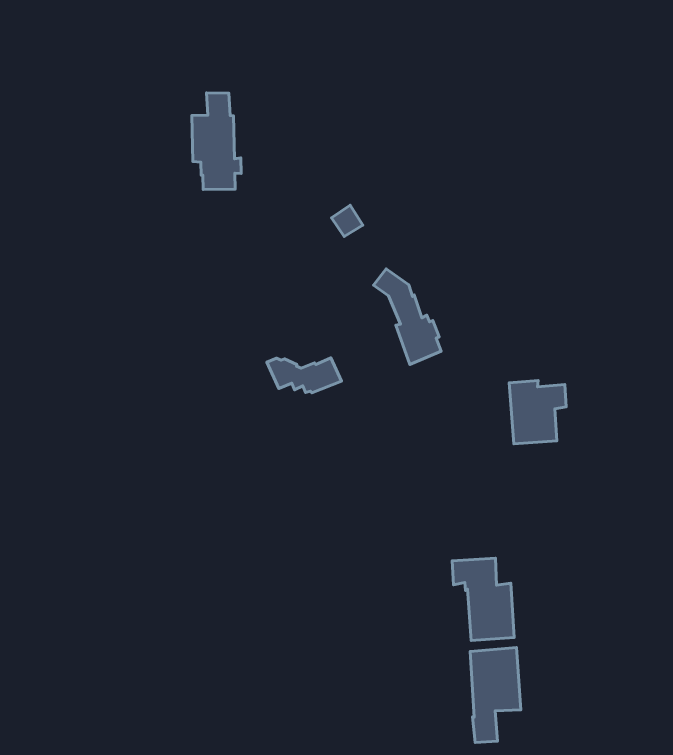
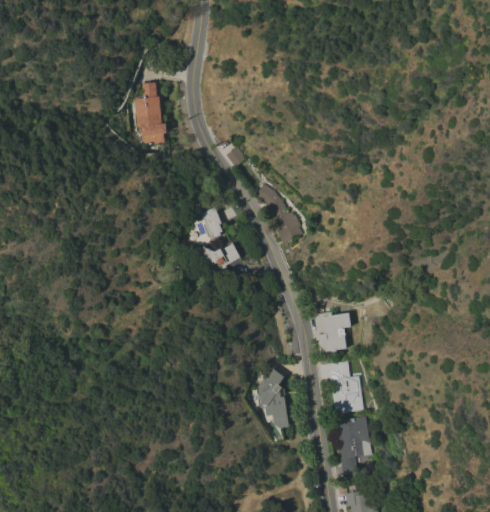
building: none -> [202,208,224,239]
building: [509,381,566,444] -> [314,312,351,353]
building: none -> [257,367,290,429]

